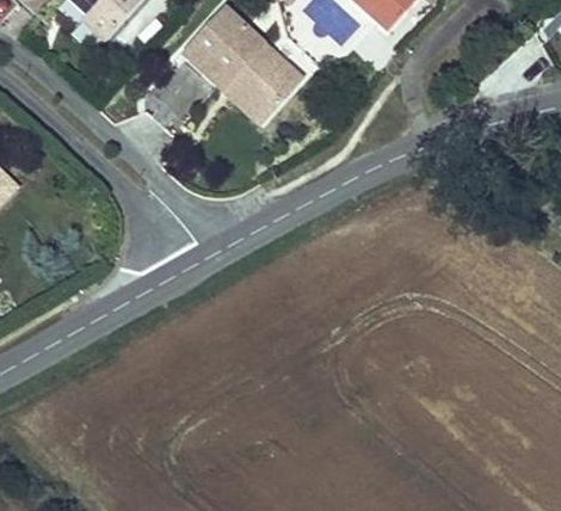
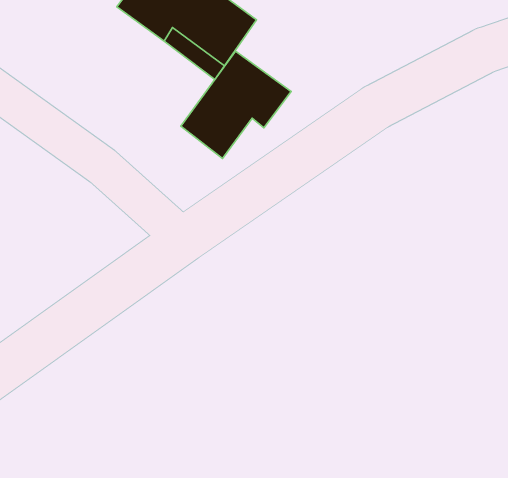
building: none -> [181,51,291,158]

